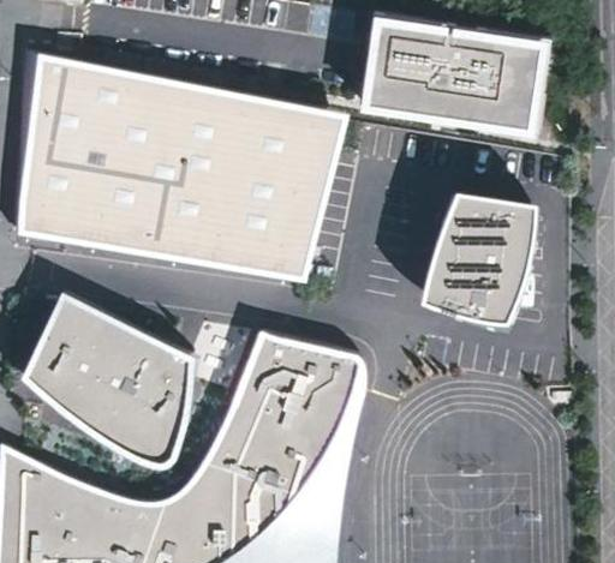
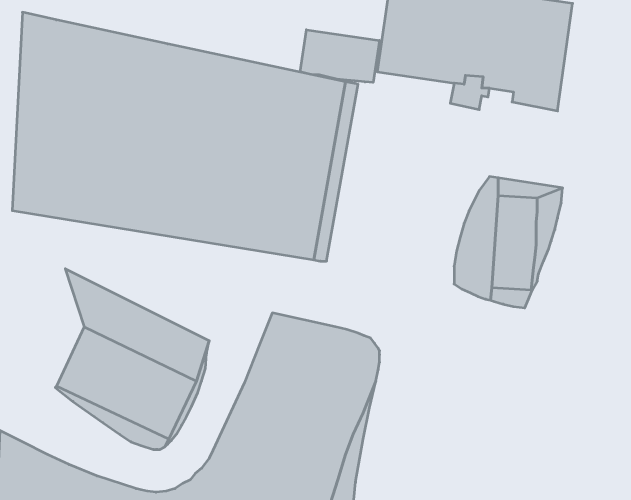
building: none -> [300,30,379,82]
building: [24,291,80,403] -> none

